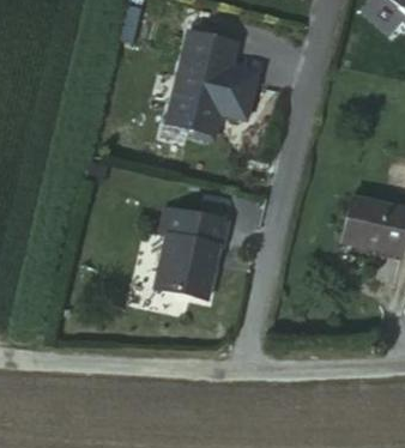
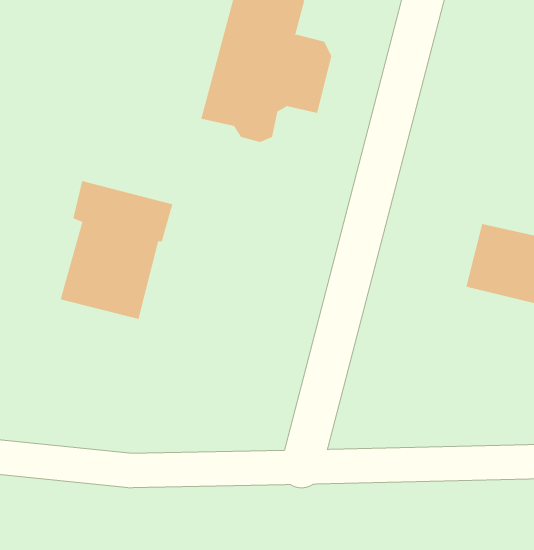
building: [150,207,225,299] -> [60,181,173,320]

